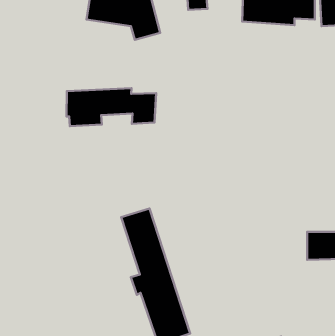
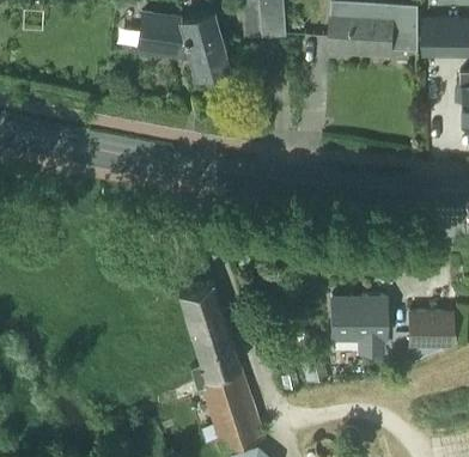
building: [67,88,156,126] -> none
building: none -> [331,299,385,352]

